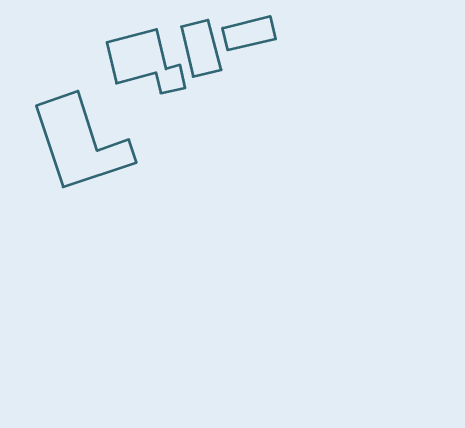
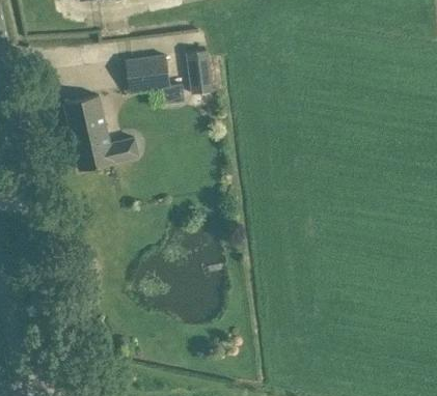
building: [223,16,276,50] -> none

